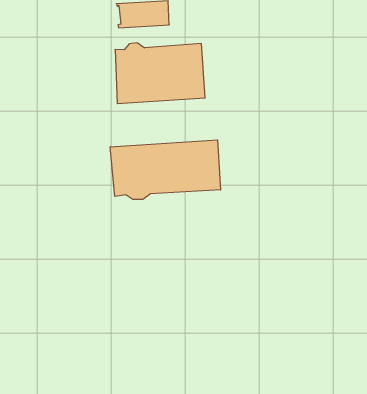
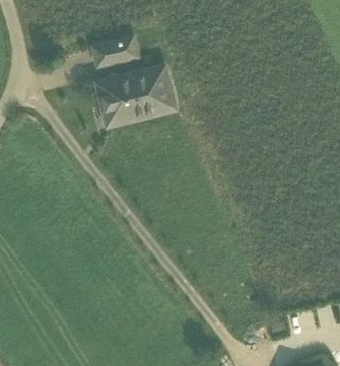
building: [110,140,221,199] -> none

